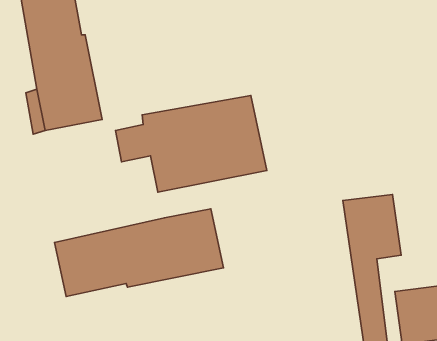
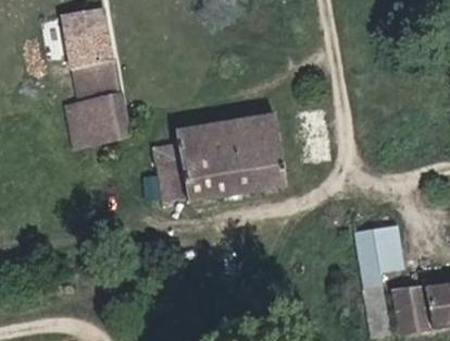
building: none -> [153,168,186,206]
building: [55,209,223,297] -> none

